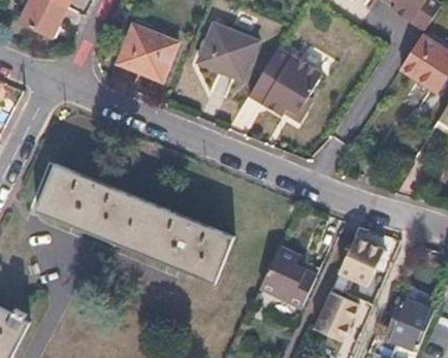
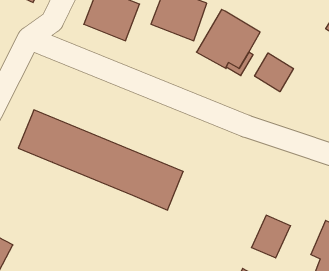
building: none -> [255,53,293,92]
building: [338,234,384,285] -> none
building: [258,246,318,307] -> none

